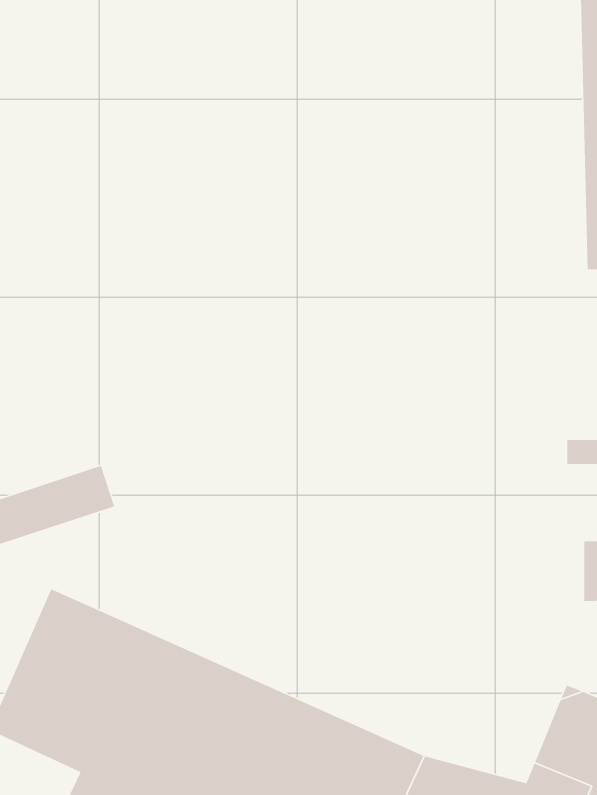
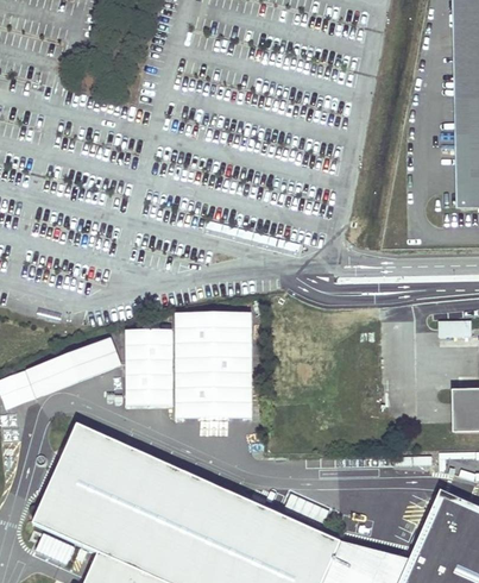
building: none -> [127,312,254,419]

